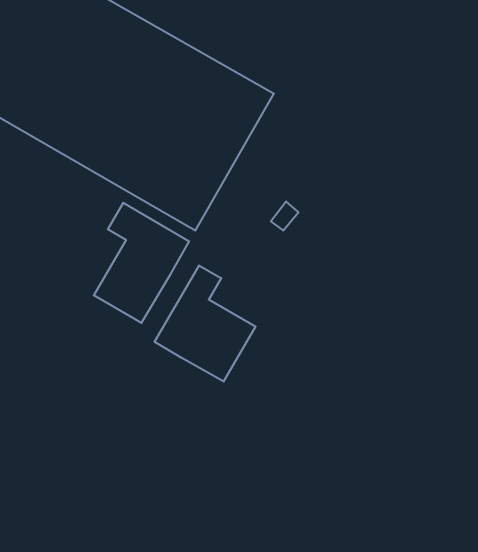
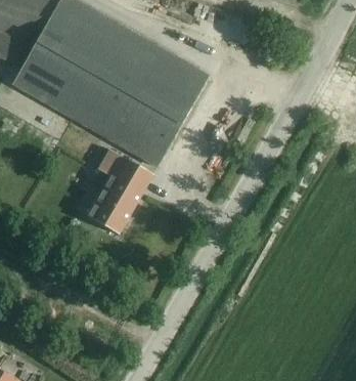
building: [155,265,256,382] -> none

